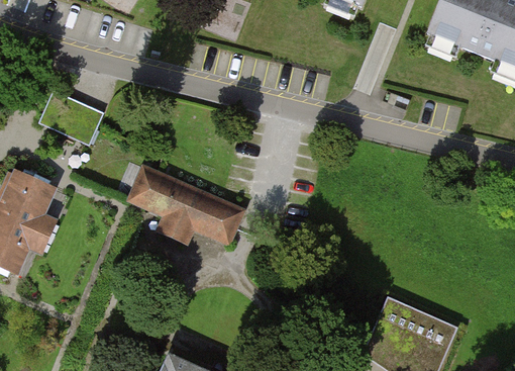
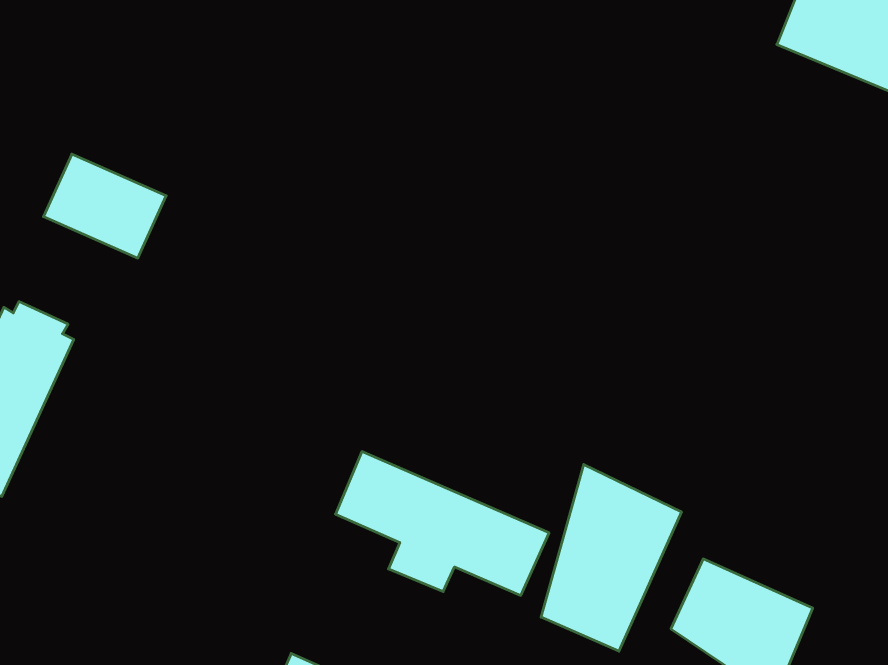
building: [130,167,244,244] -> [335,452,549,595]
building: none -> [541,464,681,651]

